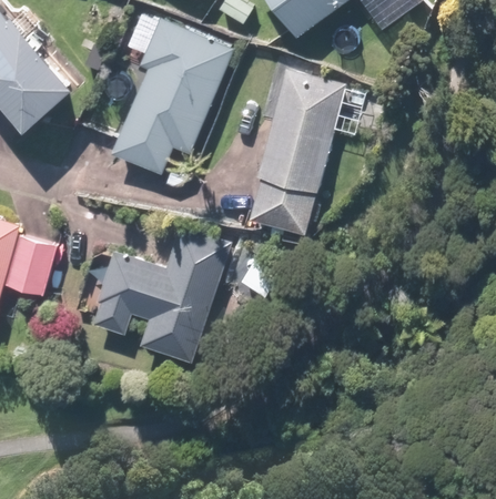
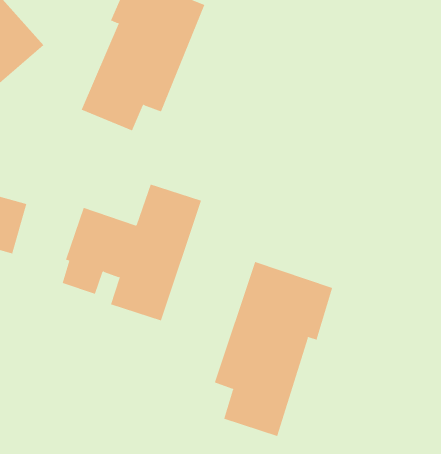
building: [249,68,345,235] -> none
building: none -> [214,261,333,437]

